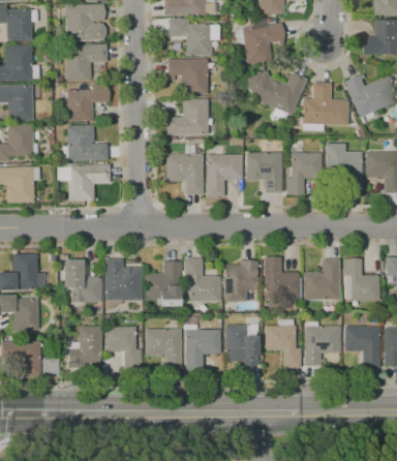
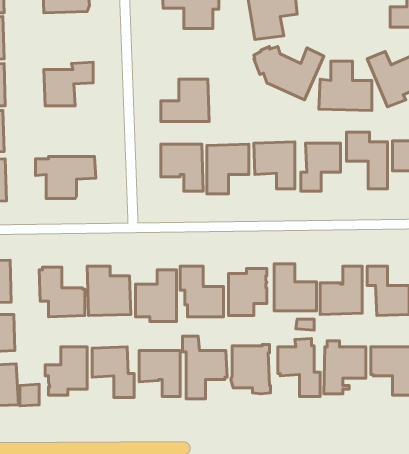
building: [64,43,106,81] -> none
building: [167,59,207,95] -> none
building: [66,125,108,161] -> none

